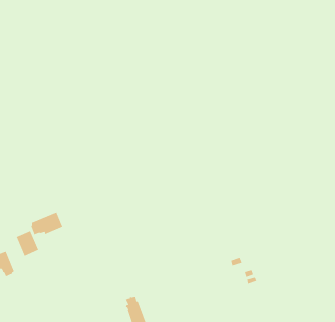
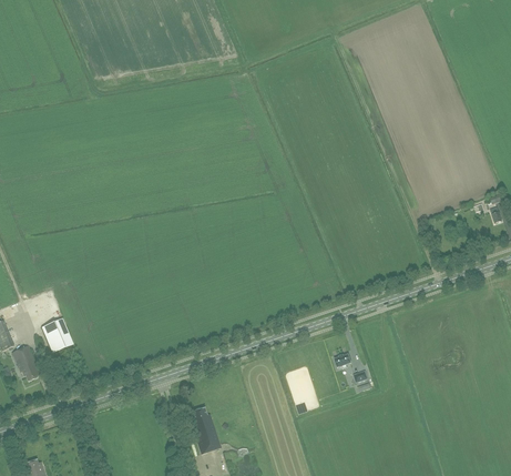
building: [31,212,63,235] -> none

